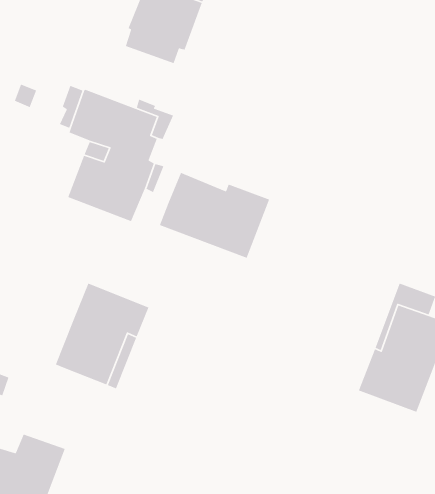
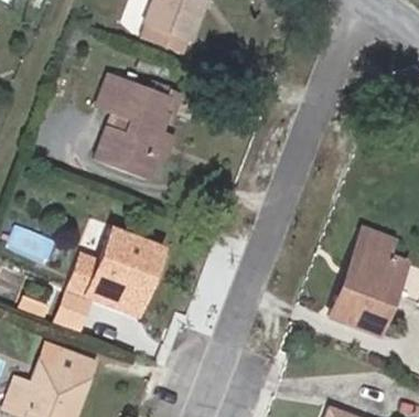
building: [159,172,270,259] -> none
building: none -> [52,250,100,333]

